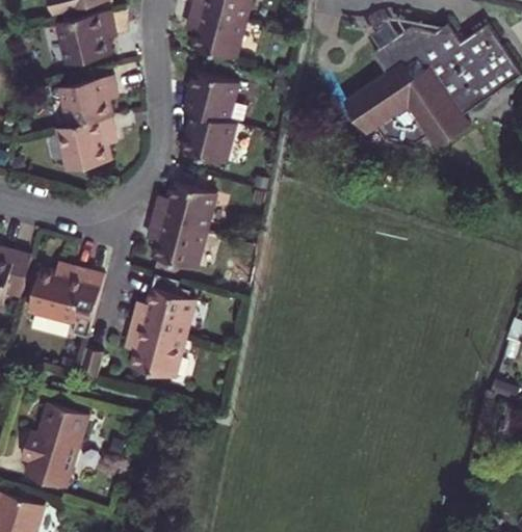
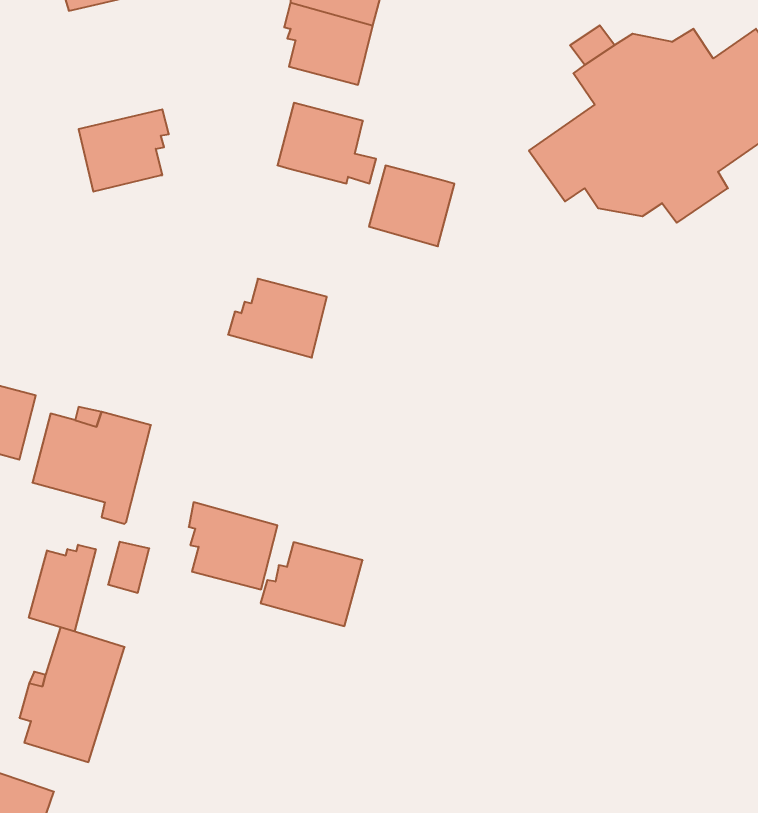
building: [56,11,112,66] -> none
building: [181,113,235,164] -> [369,166,454,246]
building: [56,117,113,171] -> none
building: [149,218,206,270] -> none
building: [131,286,195,339] -> [261,542,363,626]
building: none -> [29,545,96,631]

